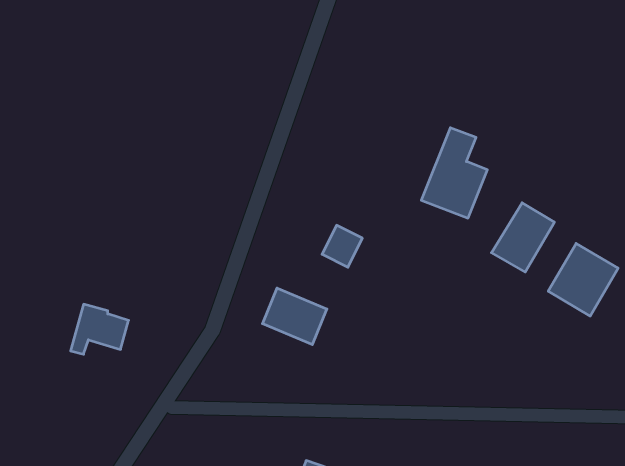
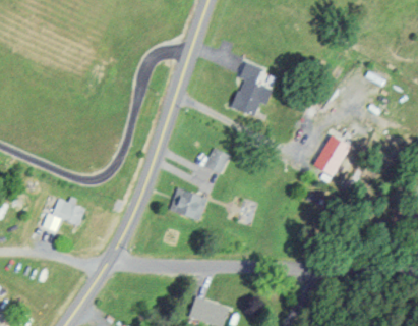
building: [421,128,487,218] -> [229,61,271,118]
building: [548,243,618,316] -> none

